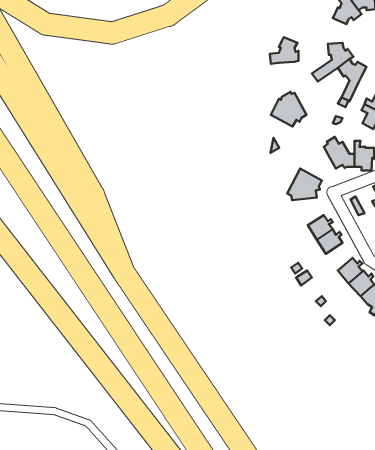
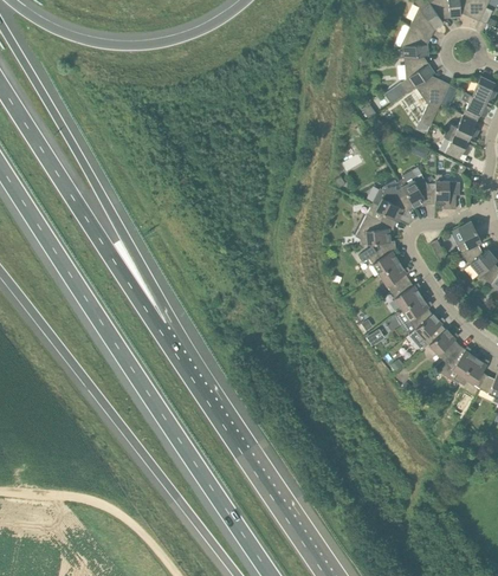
building: [270,37,299,64] -> [393,27,427,59]
building: [271,92,306,127] -> [370,180,413,221]
building: none -> [358,240,399,274]
building: none -> [395,296,432,334]

